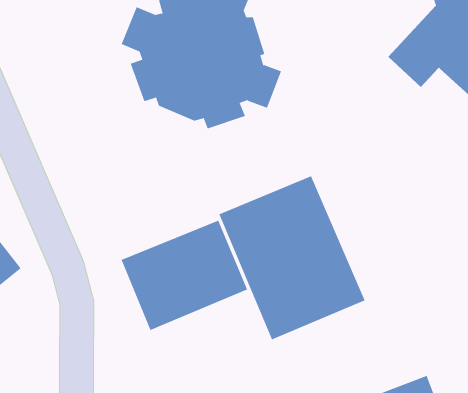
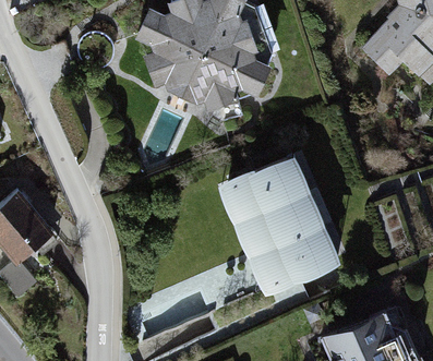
building: [121,220,248,331] -> none

